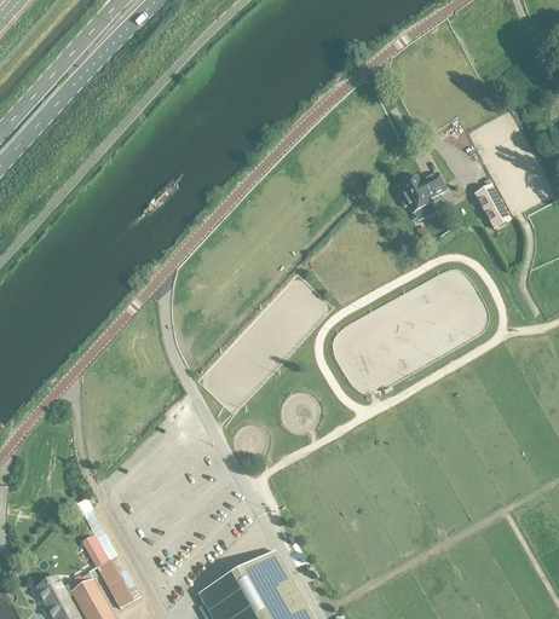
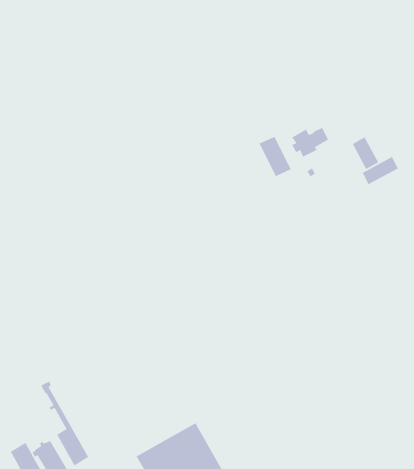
building: none -> [259,136,292,177]
building: none -> [362,156,399,185]

